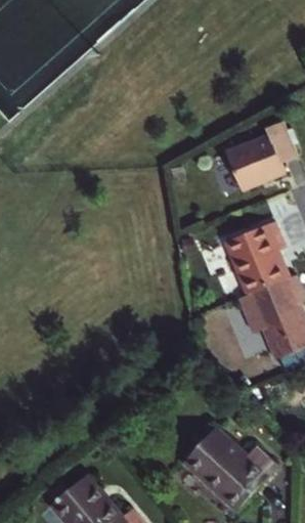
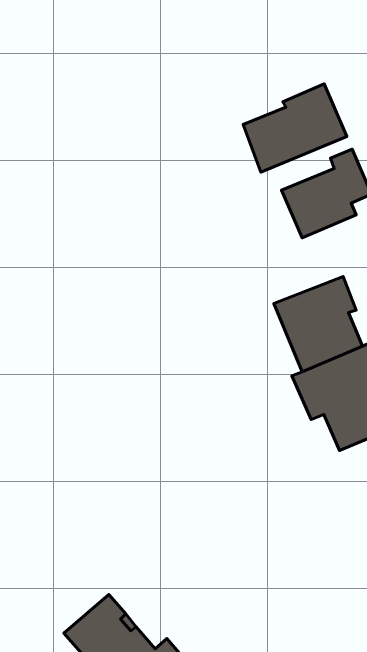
building: none -> [243,84,347,172]
building: [185,426,279,510] -> none

